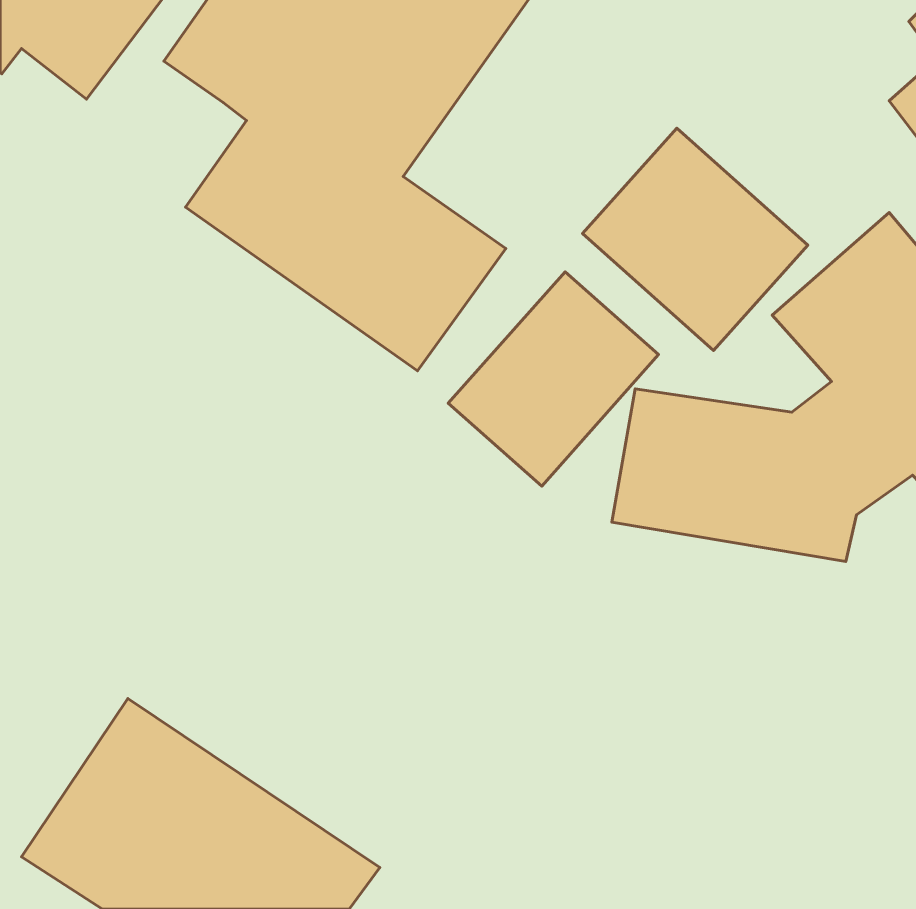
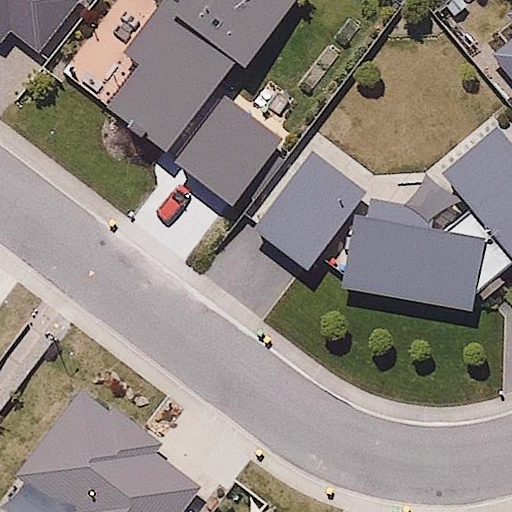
building: [582,128,808,350] -> none

